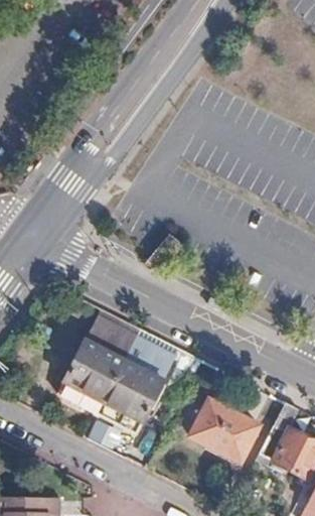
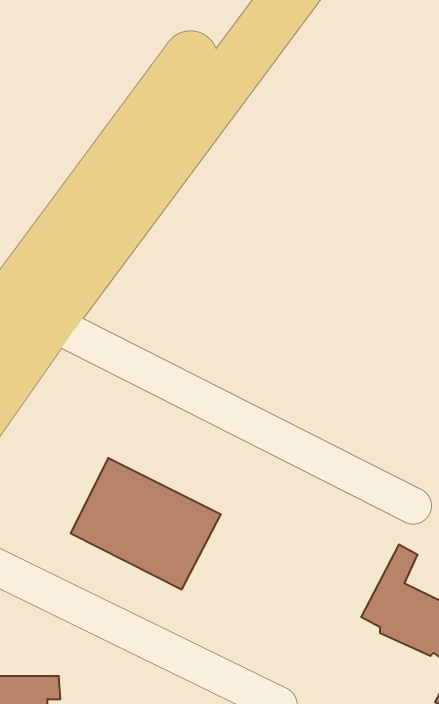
building: [85,312,177,382] -> none
building: [190,397,262,461] -> none

